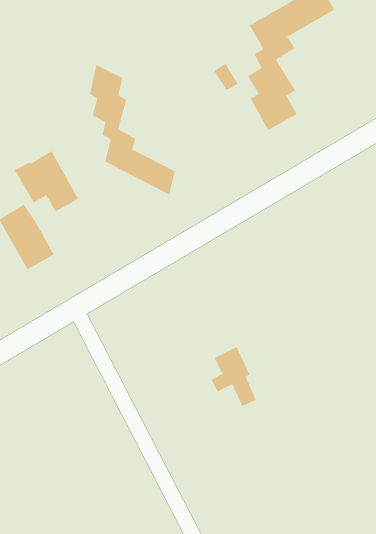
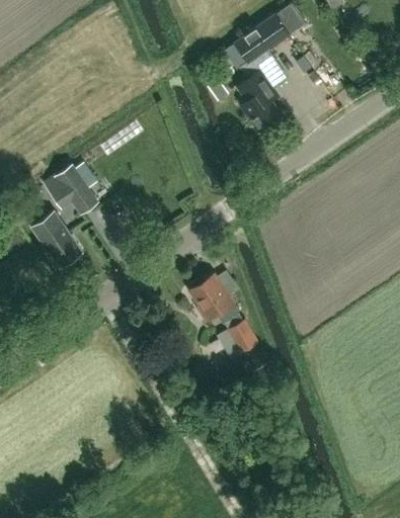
building: [90,64,175,196] -> none
building: none -> [189,275,239,324]

